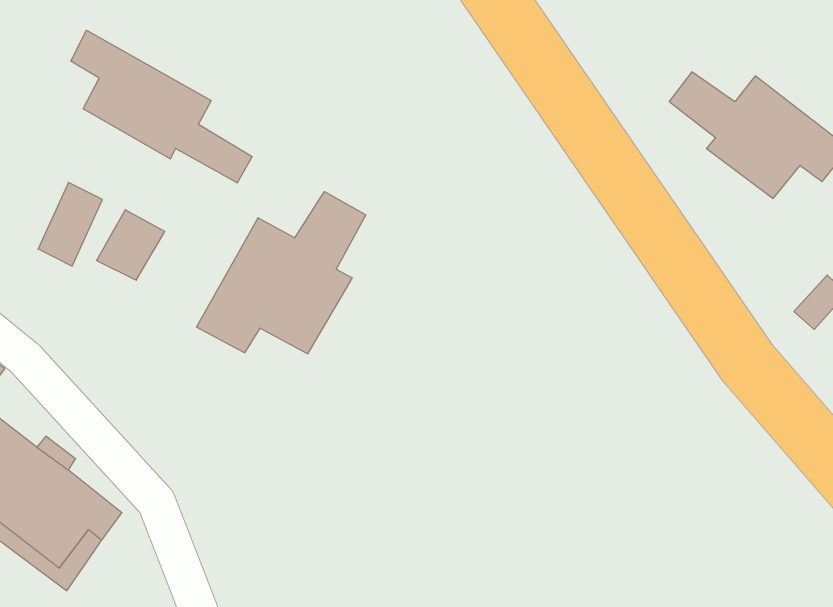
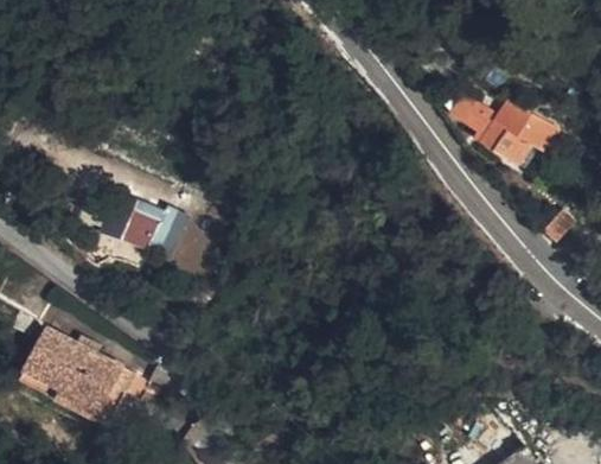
building: [71,30,252,183] -> none
building: [197,192,366,354] -> none

